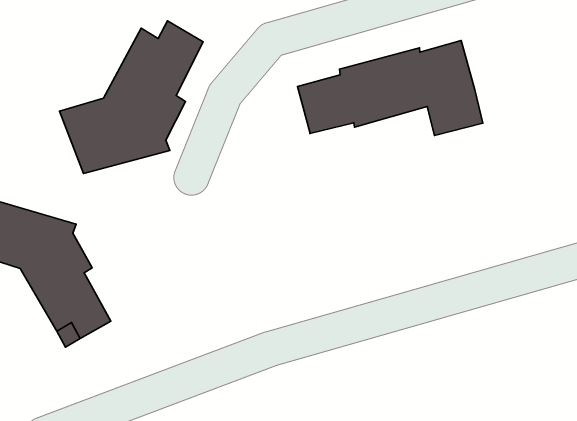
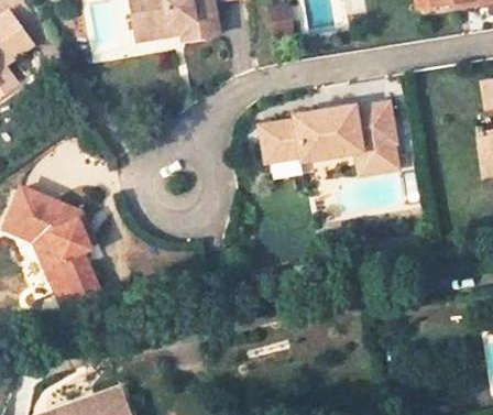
building: [59,21,203,174] -> none

